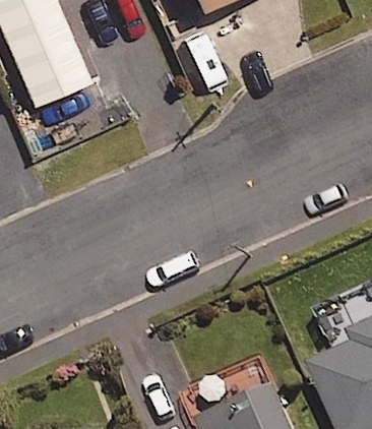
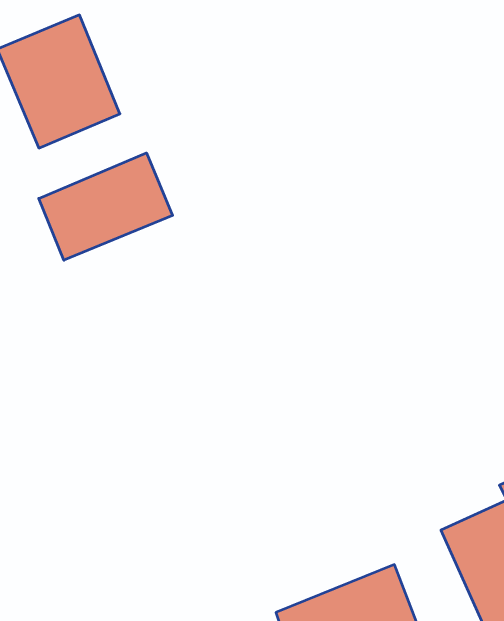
building: none -> [39,153,173,260]

